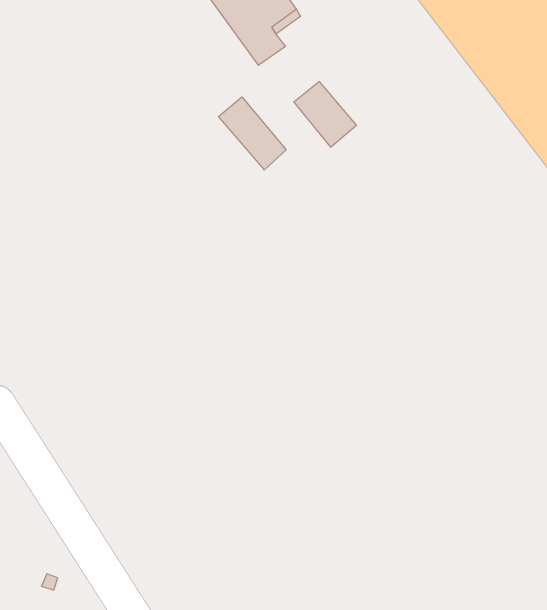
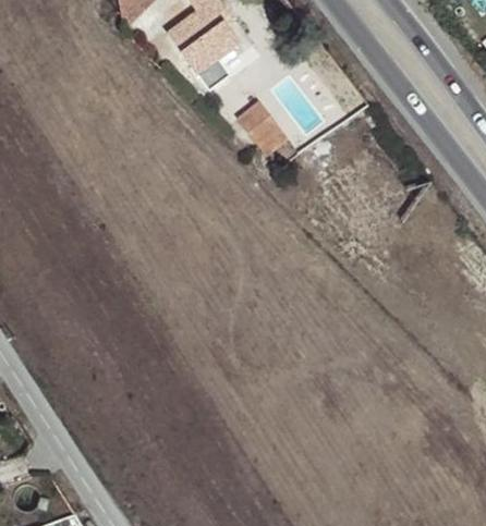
building: [219,97,286,170] -> none

